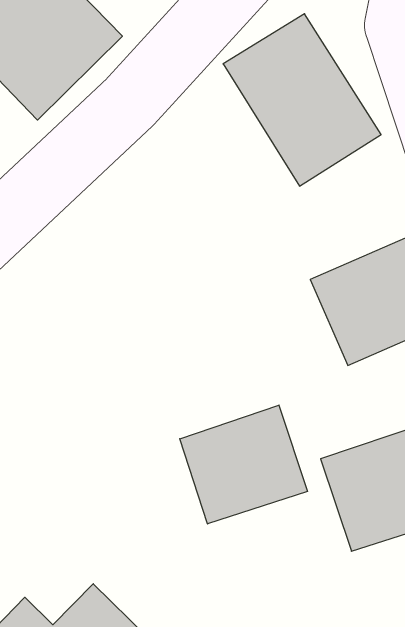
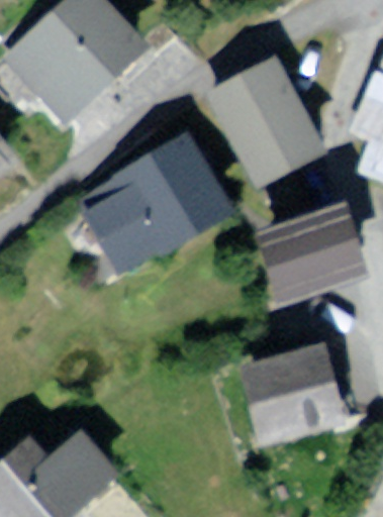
building: none -> [92,143,224,258]
building: [180,405,307,524] -> none

